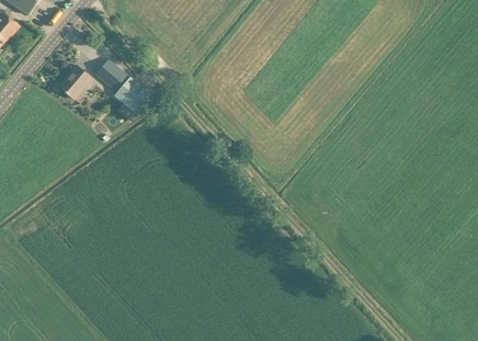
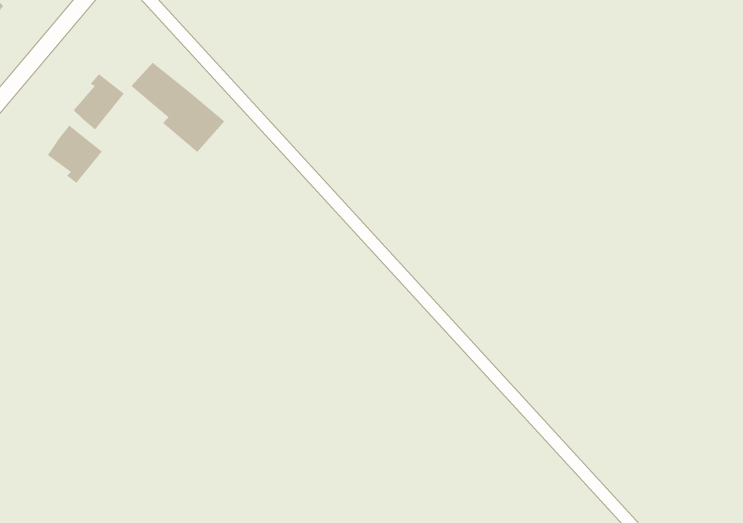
building: none -> [47,124,103,184]

